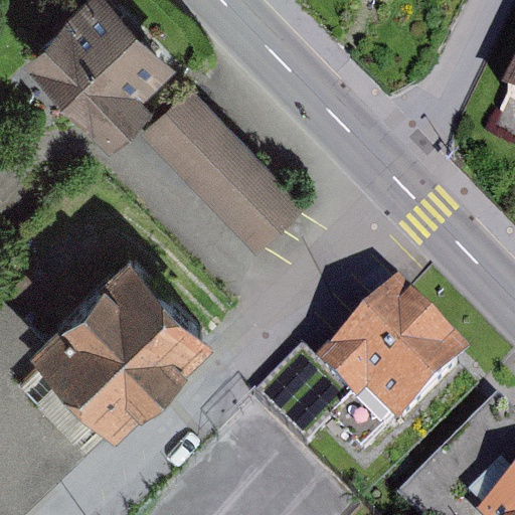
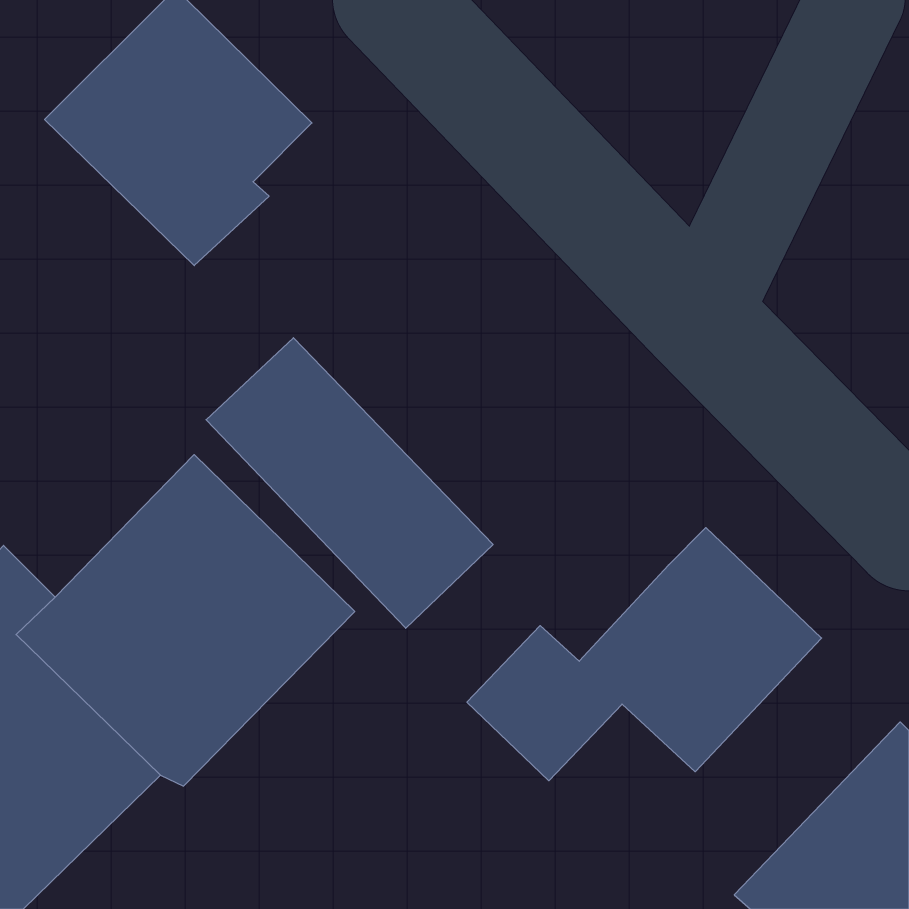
building: [144,91,306,254] -> [206,338,493,628]

